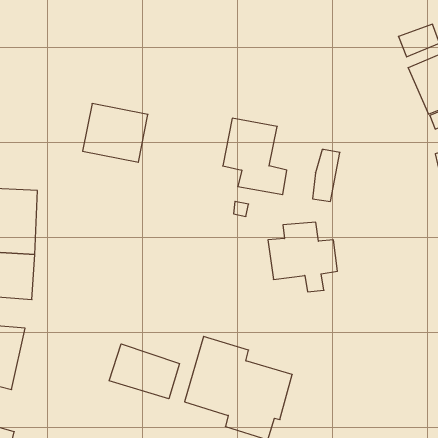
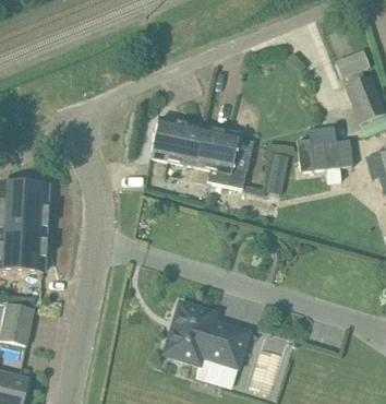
building: [83,104,148,162] -> [150,117,203,164]
building: [268,222,337,292] -> [297,124,352,180]
building: [109,344,179,399] -> none

